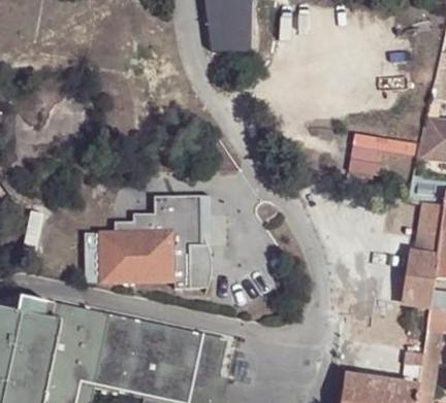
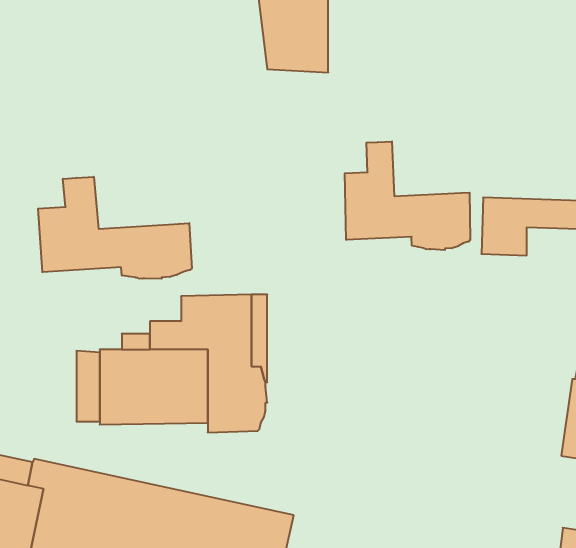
building: none -> [345,141,470,250]
building: none -> [38,177,192,279]

